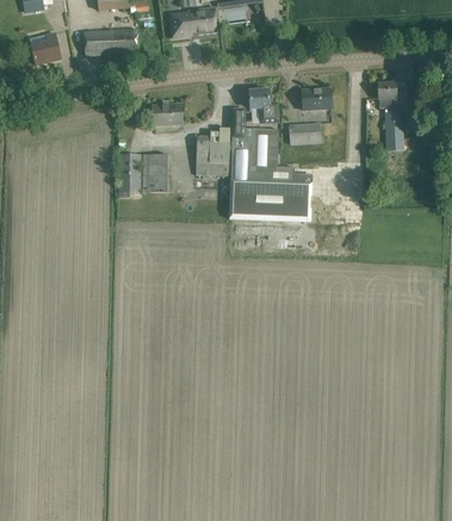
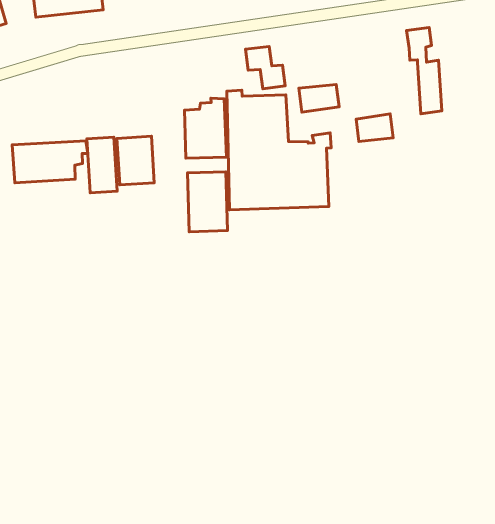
building: [302,88,330,108] -> [356,114,393,141]
building: [151,104,181,125] -> none
building: none -> [12,141,88,183]
building: none -> [187,172,228,232]

